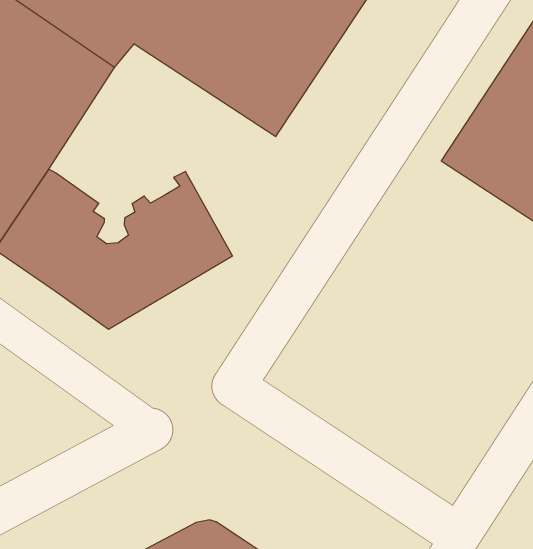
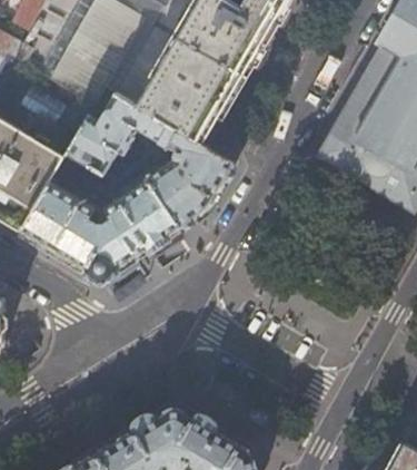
building: none -> [54,89,234,227]

